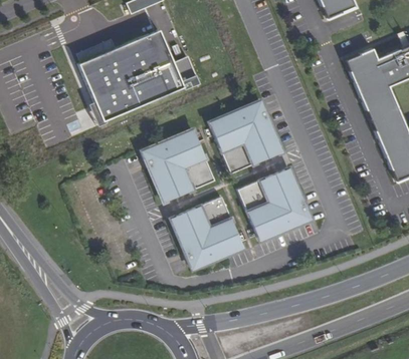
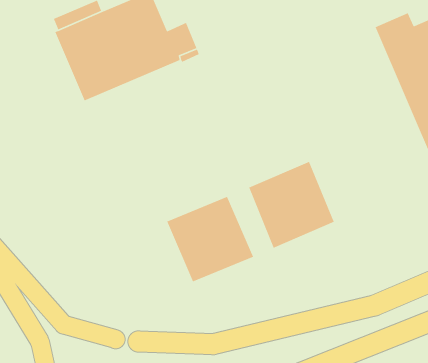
building: [209,102,282,175] -> none
building: [142,130,214,204] -> none

